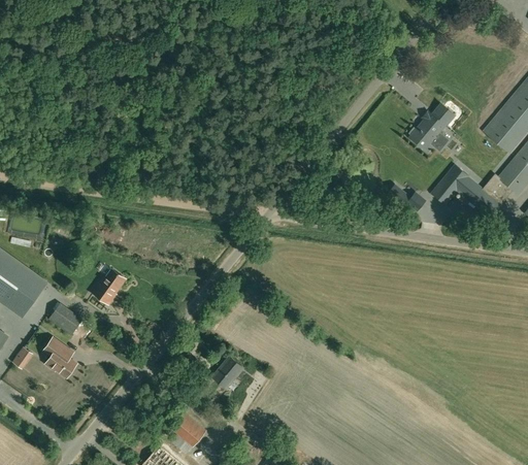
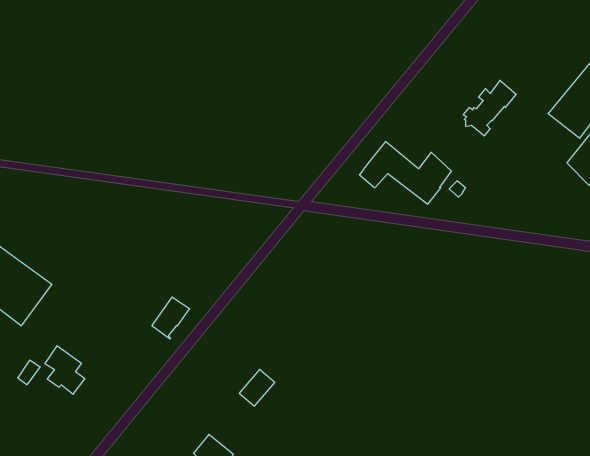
building: [432,165,513,220] -> [359,142,451,204]
building: [93,269,126,305] -> [152,297,190,338]
building: [50,305,82,336] -> none

